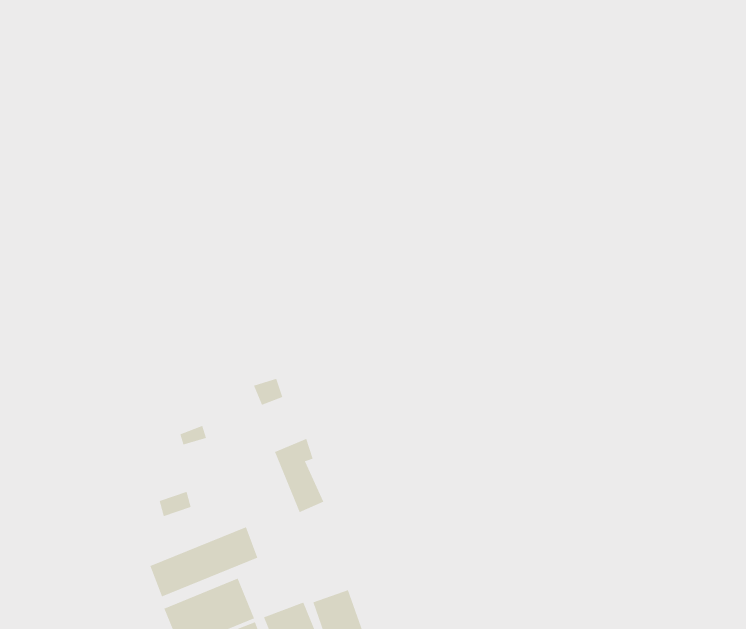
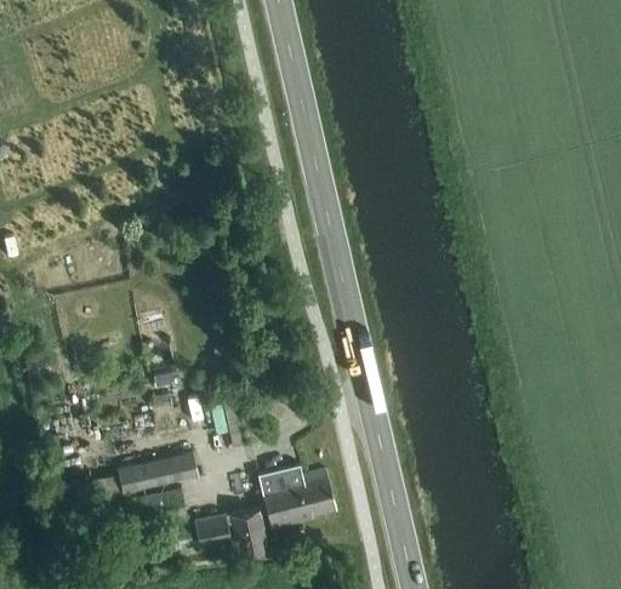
building: none -> [257,467,336,528]

